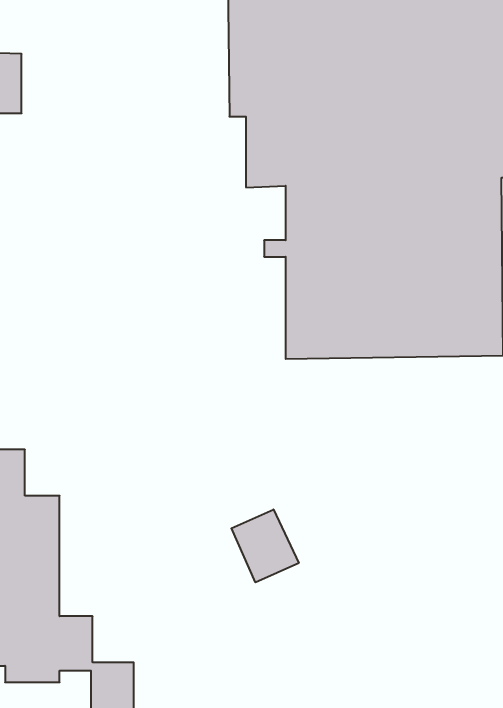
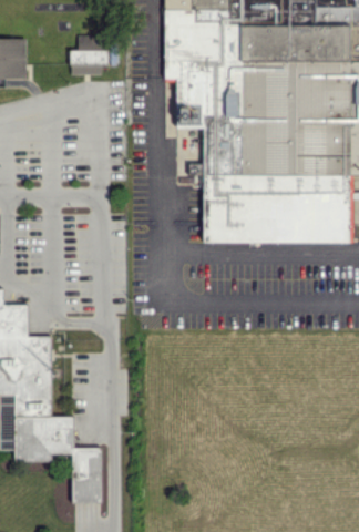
building: none -> [70,34,107,74]
building: [231,509,299,582] -> none

